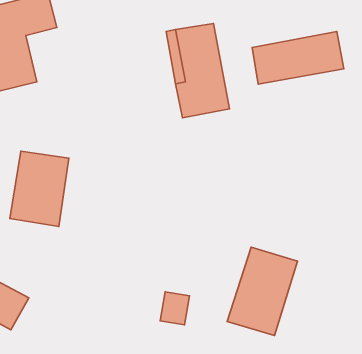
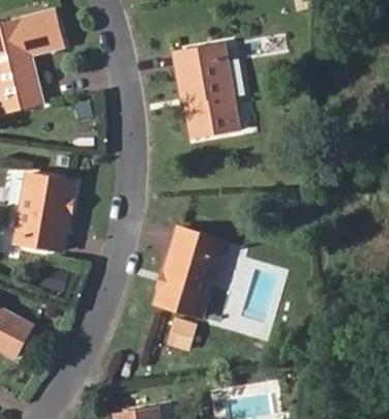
building: [252,32,344,84] -> none
building: [227,247,297,335] -> [153,226,226,317]

